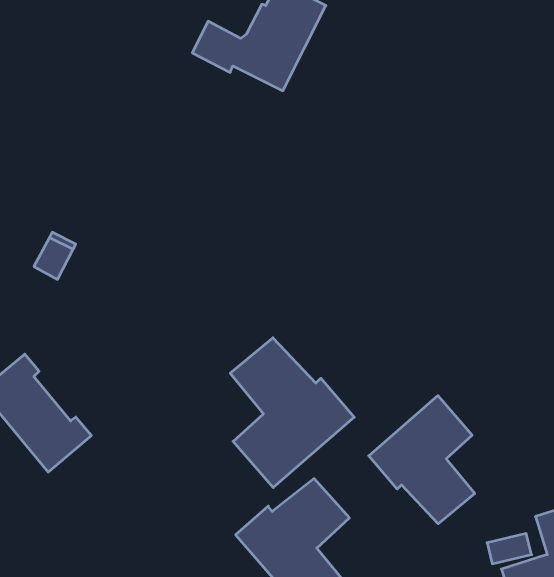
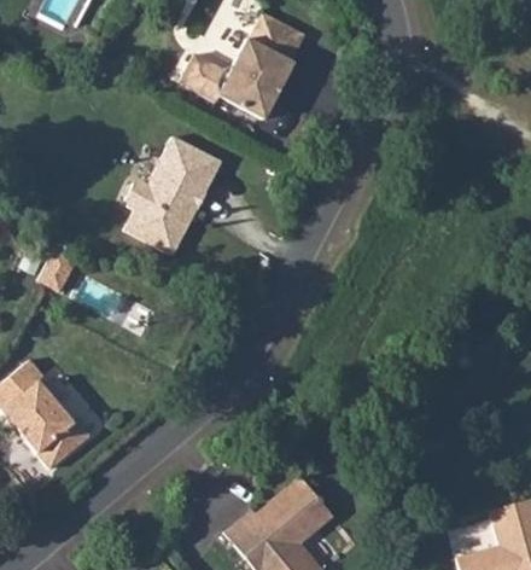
building: none -> [126,138,220,255]
building: [230,338,354,488] -> none
building: [369,396,475,524] -> none

